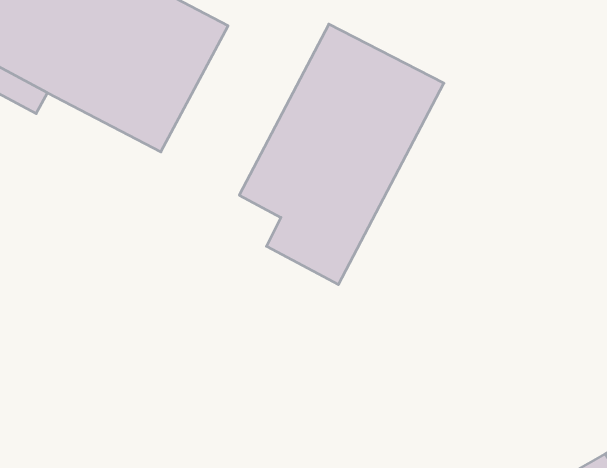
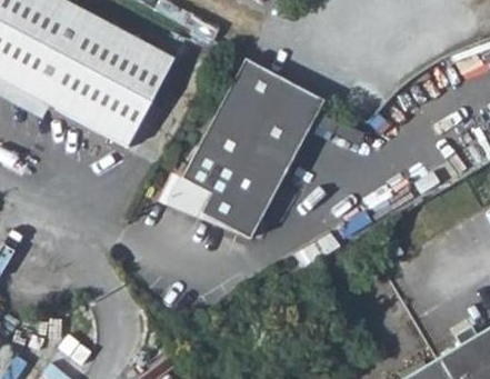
building: none -> [163,173,252,238]

